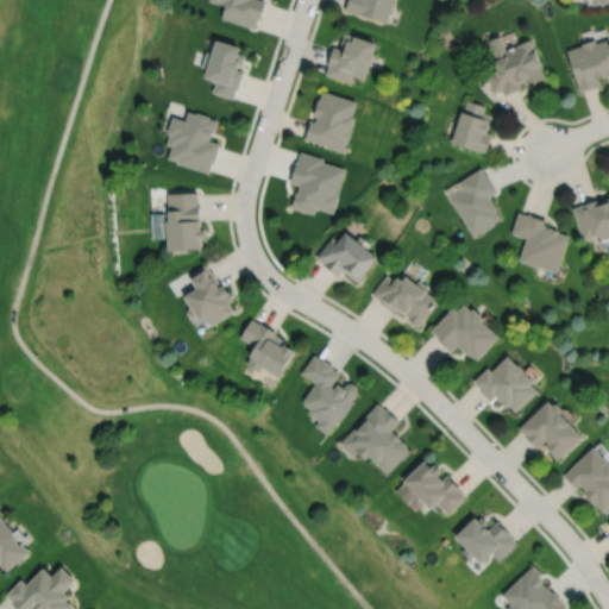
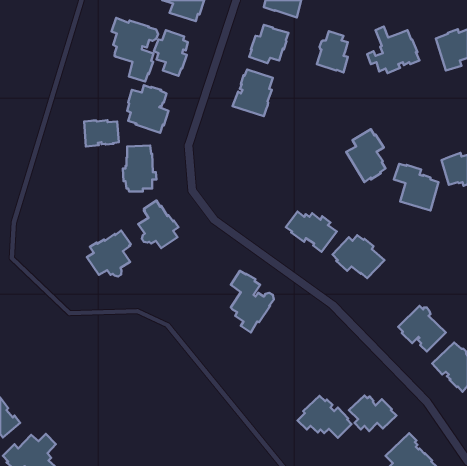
building: none -> [112,18,158,82]
building: [452,102,492,156] -> [317,31,348,72]
building: [290,153,346,216] -> none
building: none -> [84,120,119,147]
building: [318,234,379,287] -> none
building: none -> [87,230,131,276]
building: [239,319,294,375] -> none
building: [472,354,535,410] -> none
building: [339,402,408,472] -> none
building: [395,459,465,514] -> [298,396,352,438]

